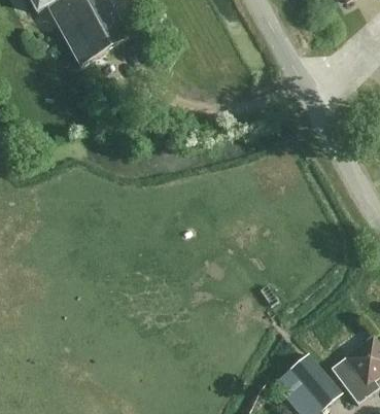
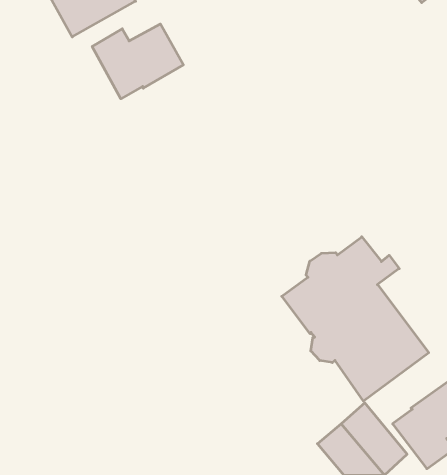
building: none -> [92,24,183,99]
building: none -> [282,237,429,401]

